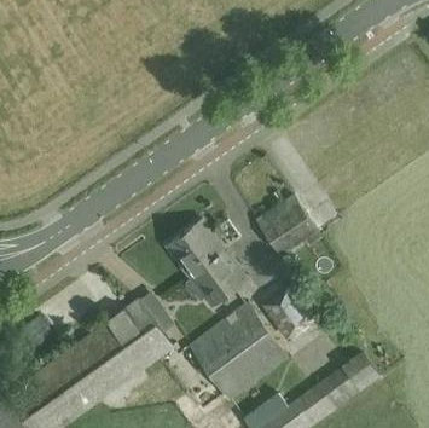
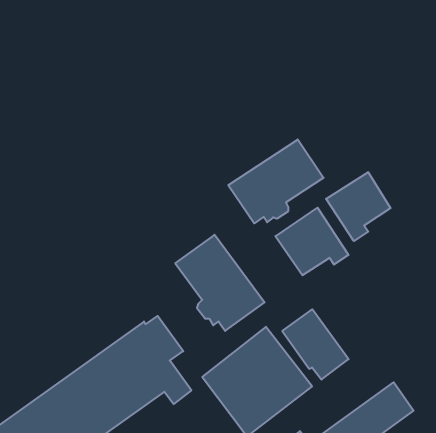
building: none -> [228,139,324,223]
building: none -> [326,172,391,241]

